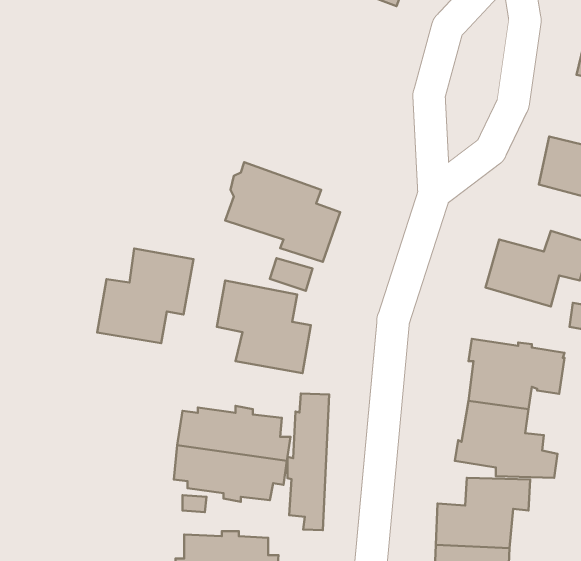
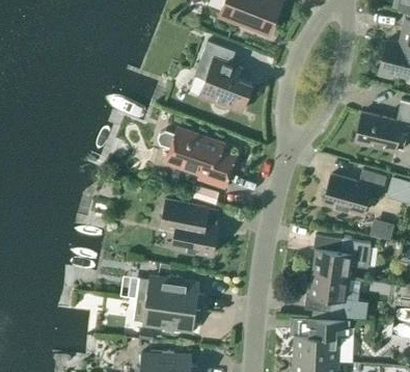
building: none -> [195,39,252,111]
building: [97,248,193,343] -> none
building: [287,394,329,530] -> none

